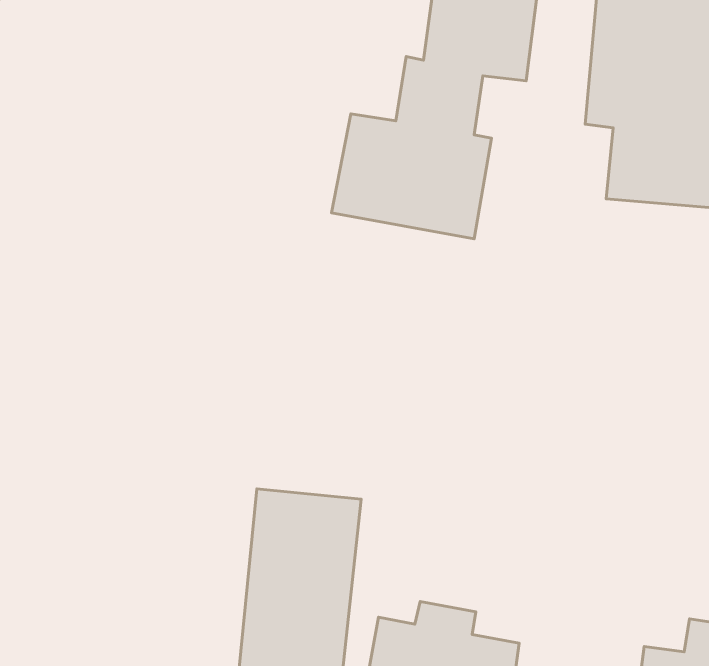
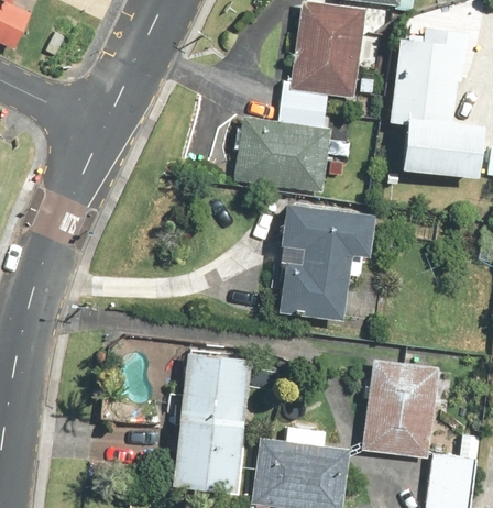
building: none -> [277,201,379,321]
building: none -> [358,354,440,459]

